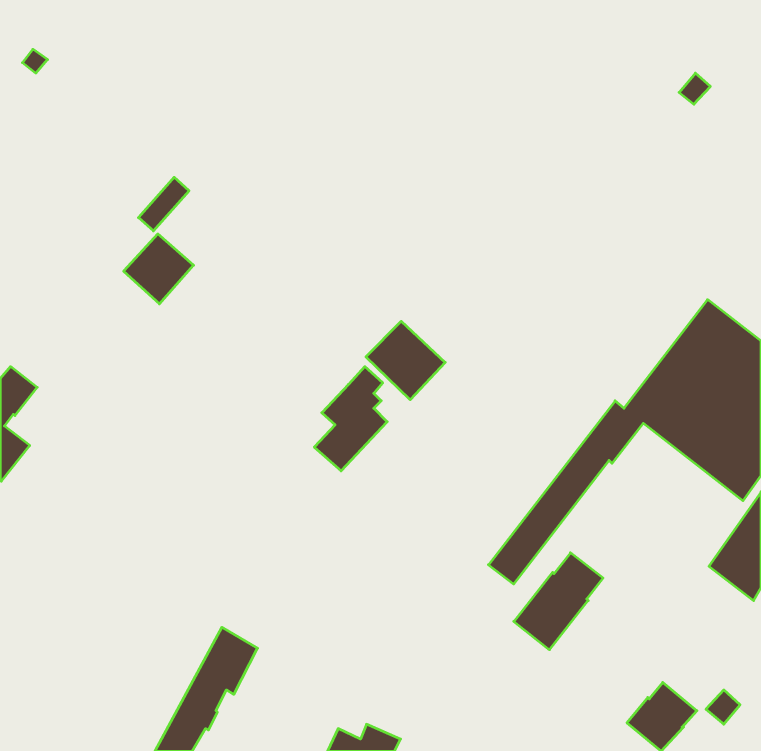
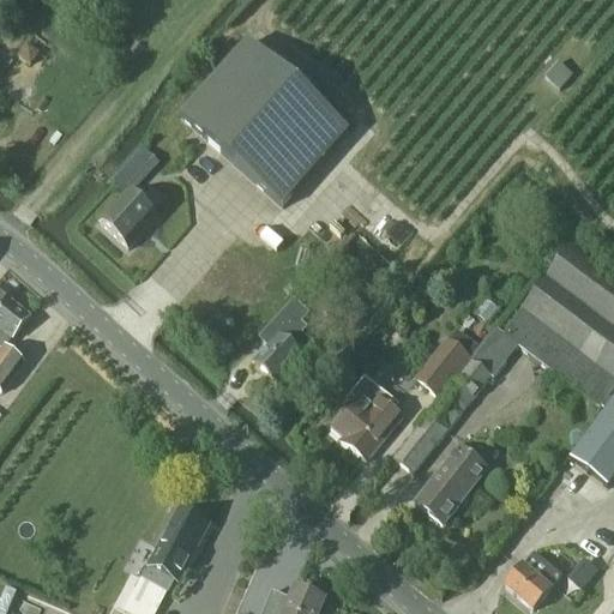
building: none -> [180,38,348,203]
building: [366,321,445,400] -> none
building: none -> [413,333,468,392]
building: none -> [330,374,402,457]

